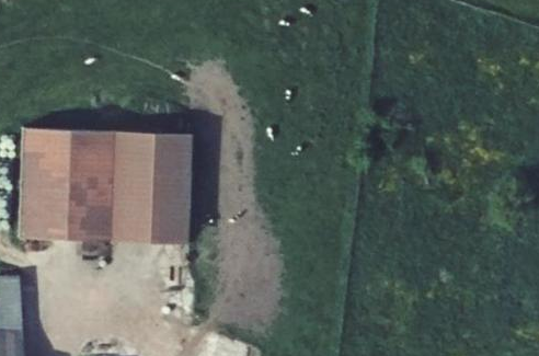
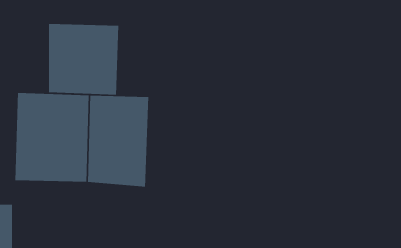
building: none -> [48,23,119,96]

